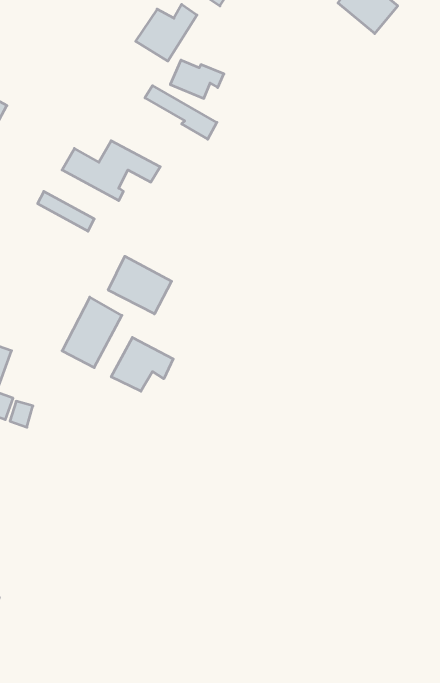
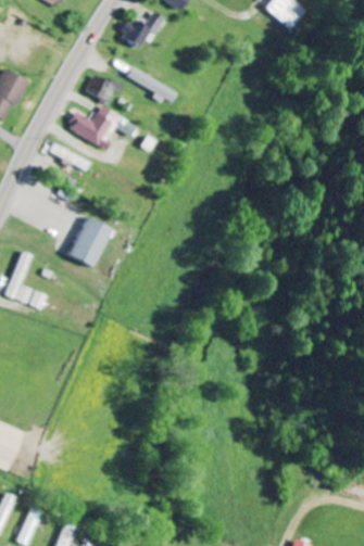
building: [170,60,224,98] -> [86,75,124,102]
building: [108,256,172,314] -> none
building: [111,337,173,391] -> none

